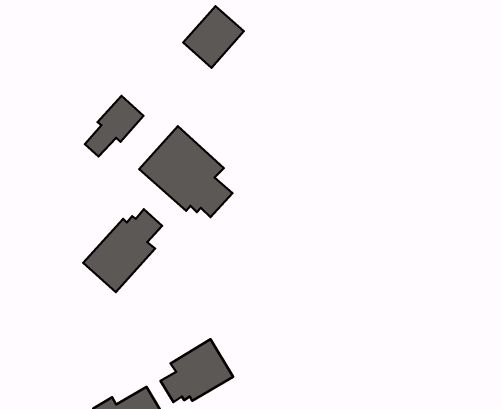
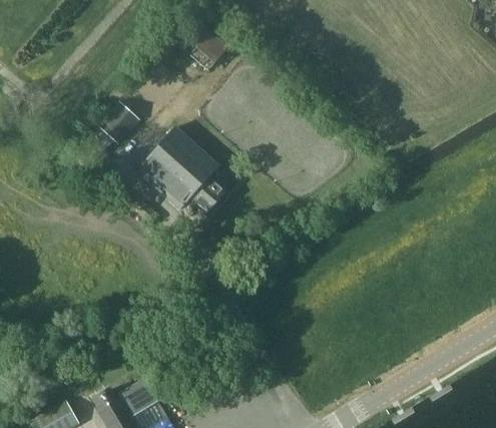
building: [83,209,162,292] -> none
building: [161,339,233,402] -> none

